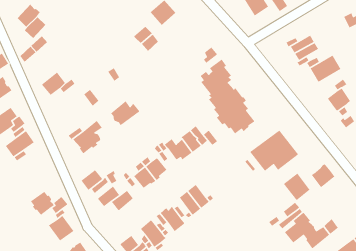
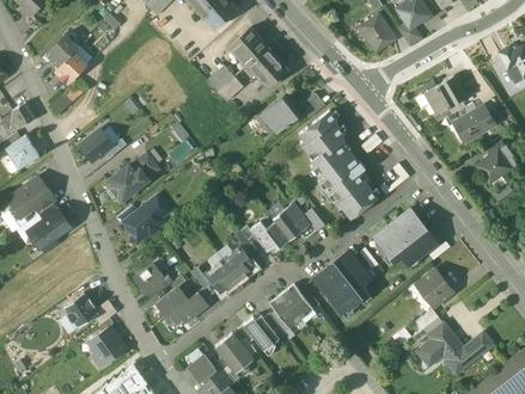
building: none -> [246,47,289,88]
building: none -> [260,94,300,135]
building: [110,100,140,126] -> [108,165,149,201]
building: none -> [313,252,372,319]
building: [311,163,336,188] -> none

